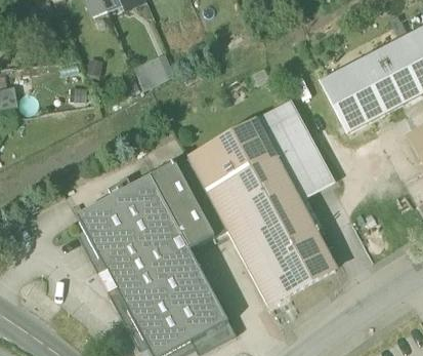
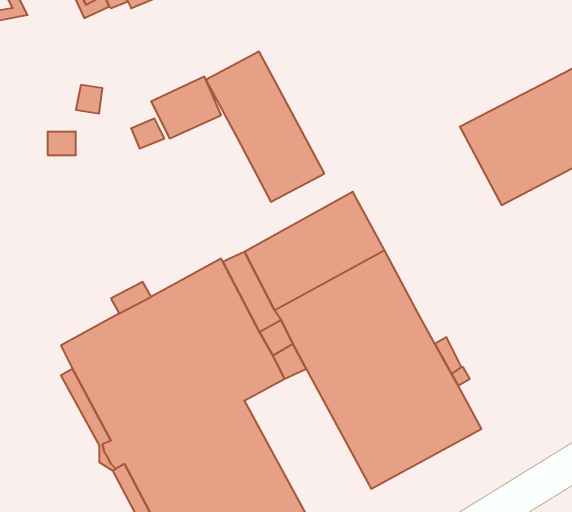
building: [257,106,330,198] -> [206,52,324,202]

